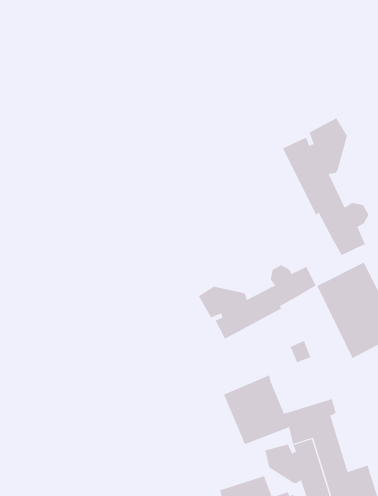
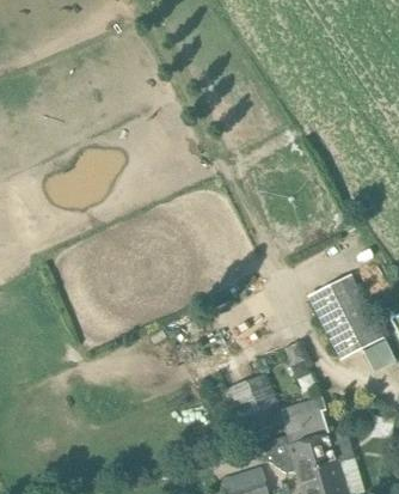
building: [282,117,369,256] -> none
building: [198,265,316,339] -> none

